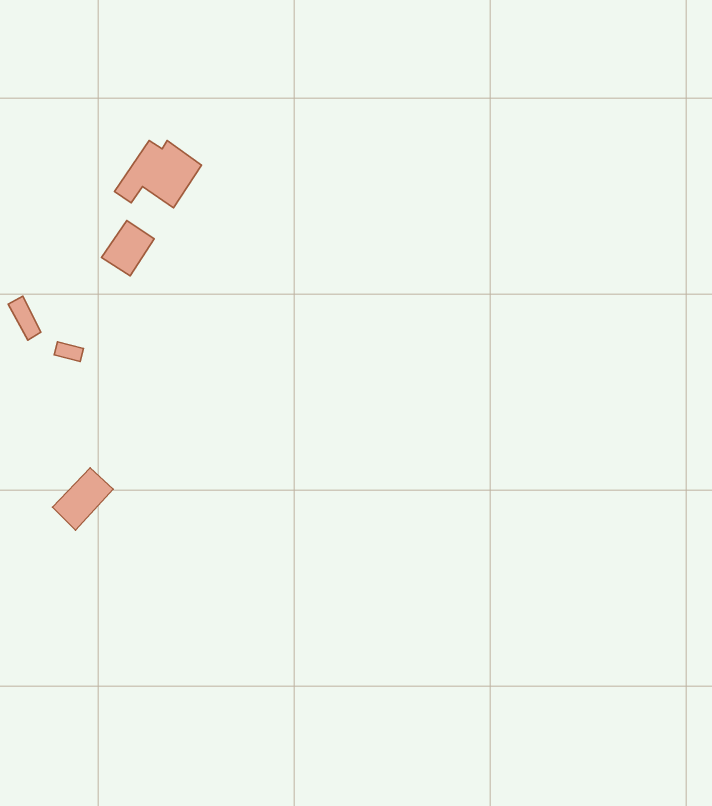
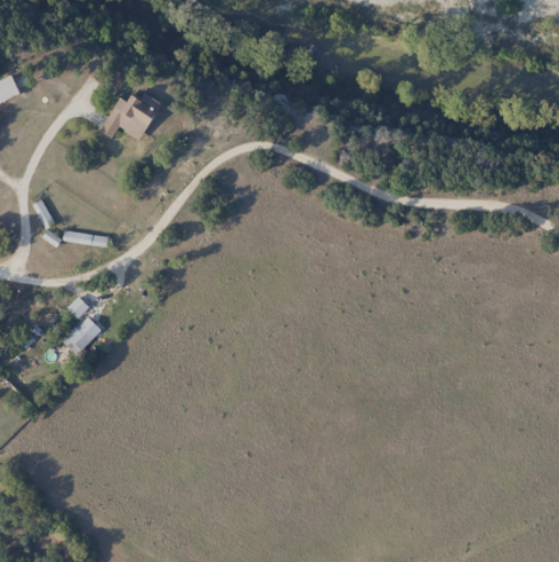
building: [102,220,154,276] -> none

